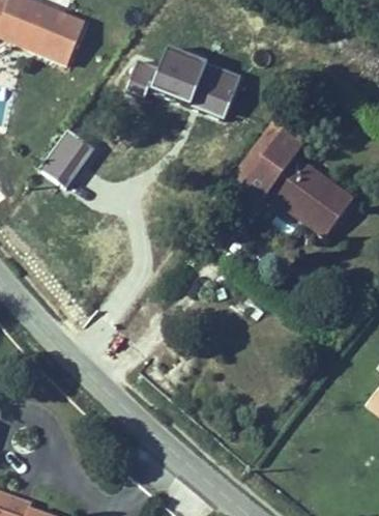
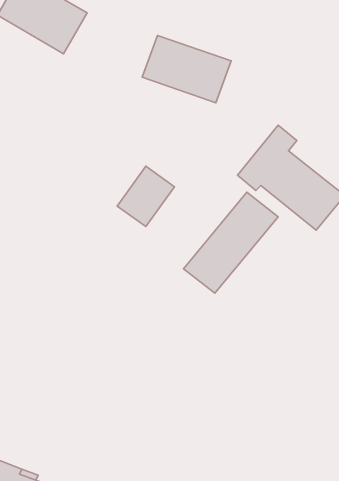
building: [36,126,94,188] -> [117,166,174,226]
building: none -> [184,192,278,293]

